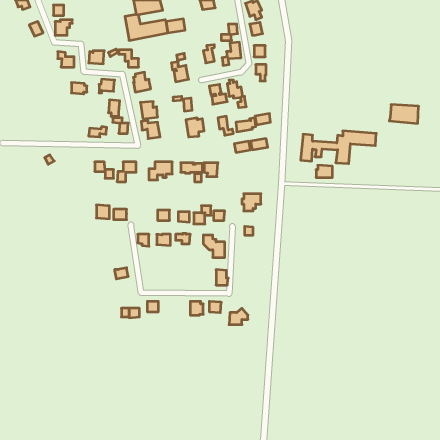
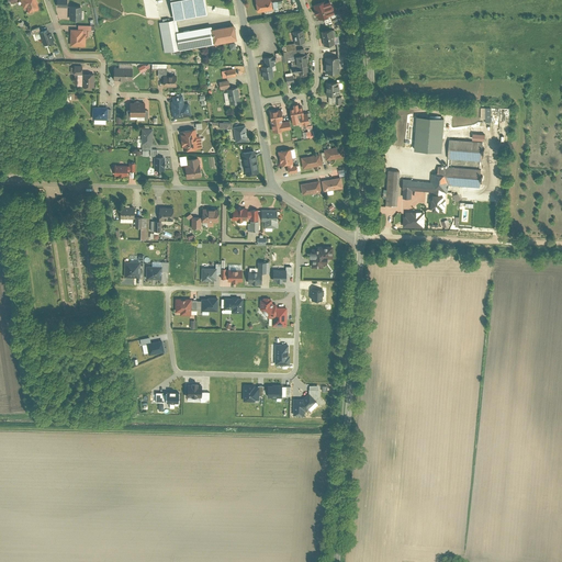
building: none -> [414,116,445,151]
building: [389,105,419,123] -> [446,139,483,164]

